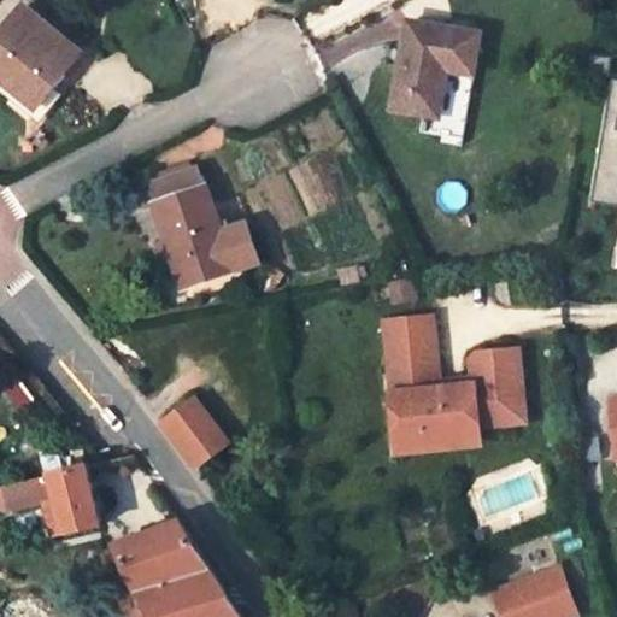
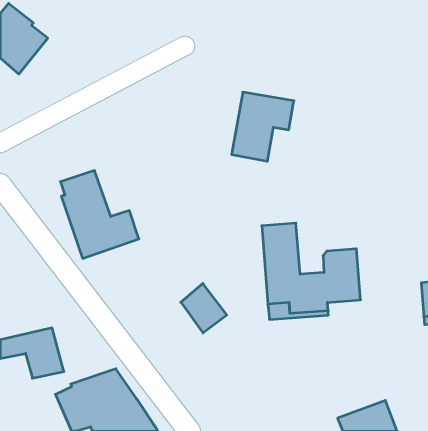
building: [392,19,480,117] -> [232,92,294,161]
building: [151,166,262,290] -> [60,171,139,258]
building: [158,396,223,466] -> [181,283,227,333]

